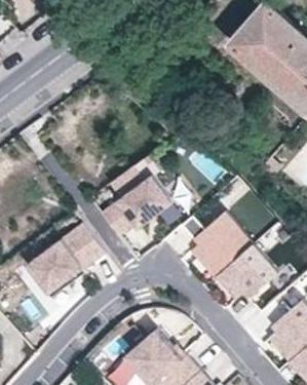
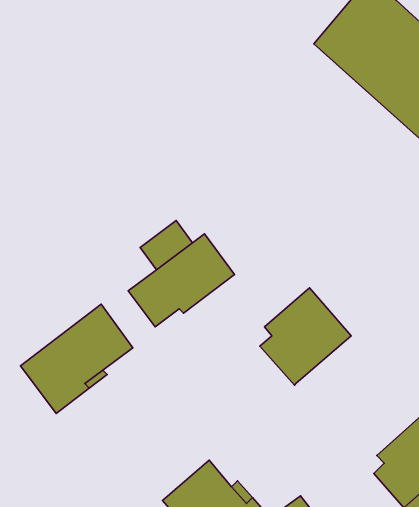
building: [215,243,278,301] -> none

